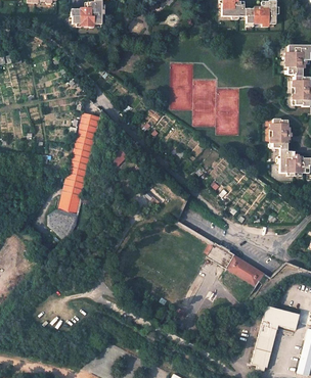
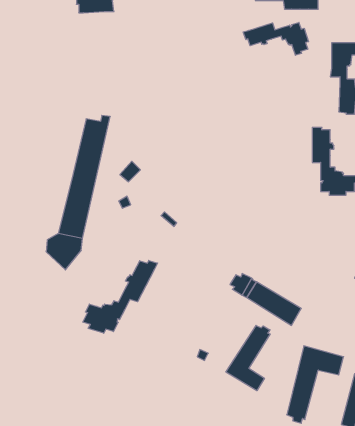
building: none -> [243,22,309,55]
building: none -> [83,260,158,333]
building: none -> [226,325,270,391]

